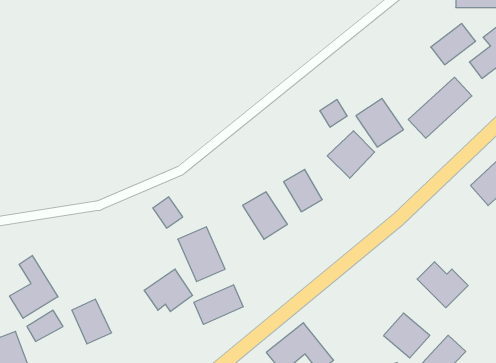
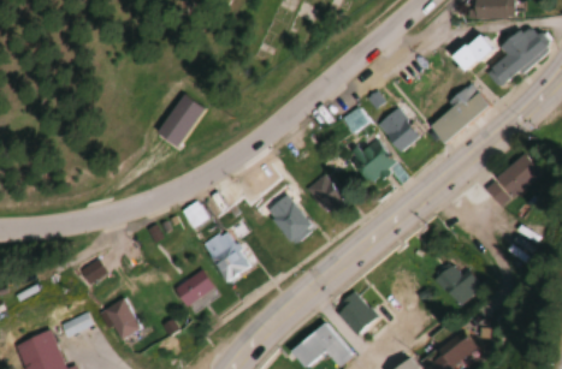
building: none -> [155,94,205,147]
building: [10,255,58,318] -> none
building: [194,285,243,324] -> none
building: [384,313,430,358] -> [336,291,380,334]

